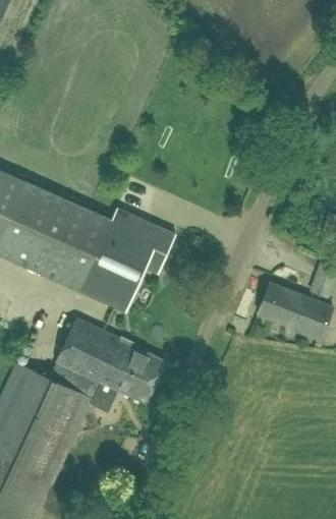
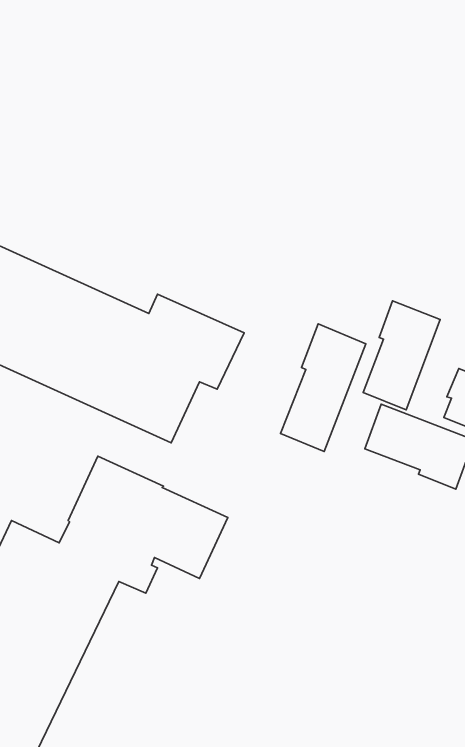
building: none -> [363,301,440,410]
building: none -> [281,324,366,451]

